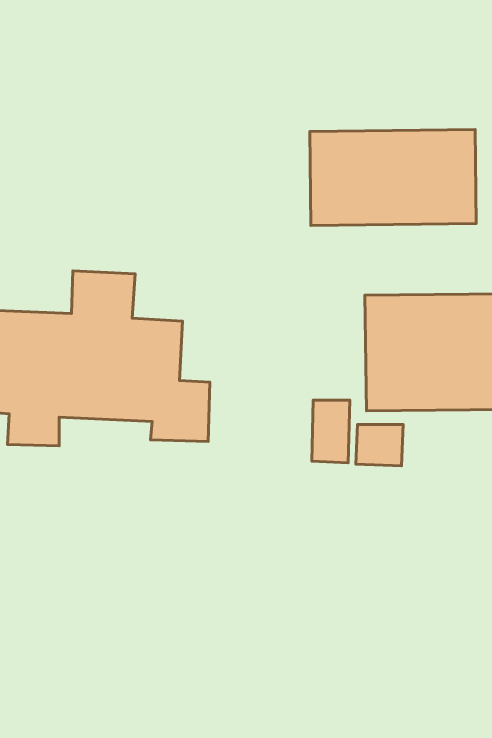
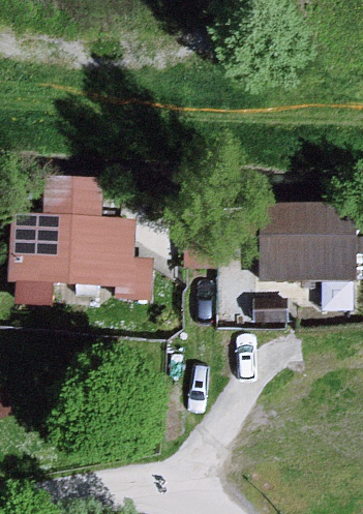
building: [310,130,476,225] -> none

